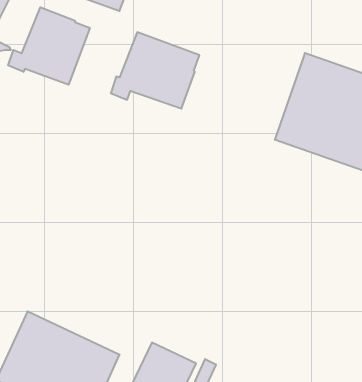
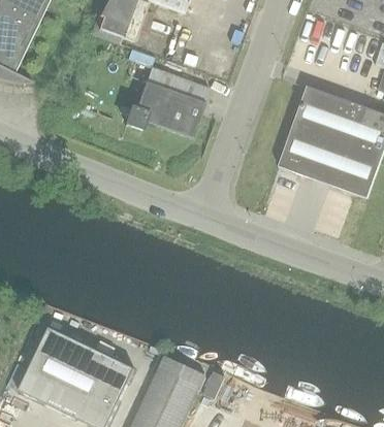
building: [8,7,90,85] -> none

